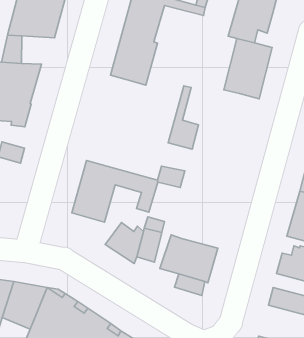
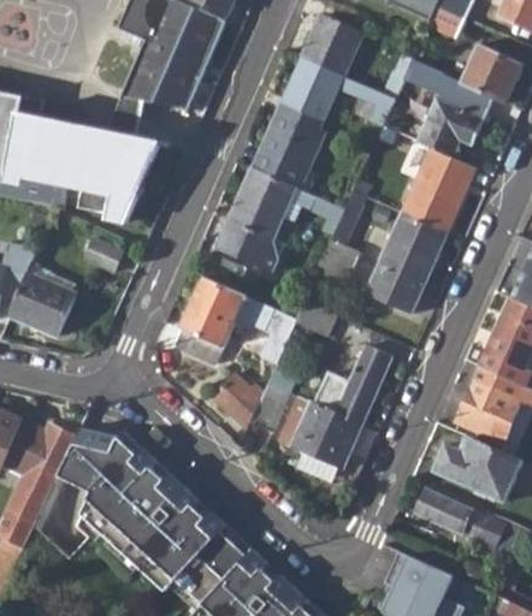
building: none -> [215,171,317,276]
building: none -> [363,213,447,315]
building: none -> [314,345,391,425]

